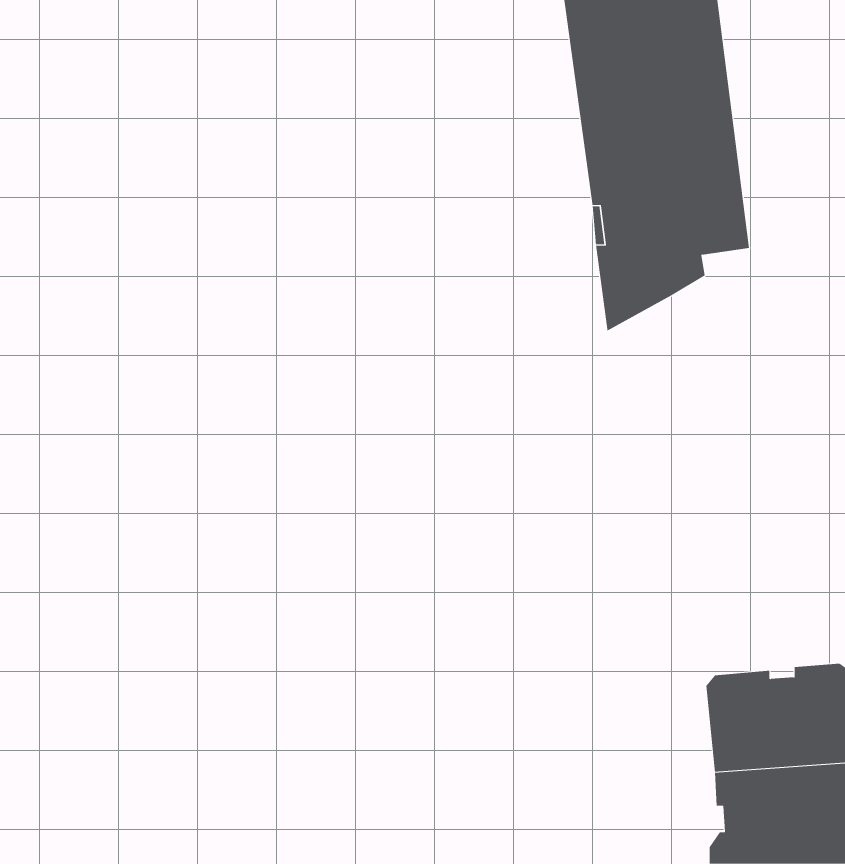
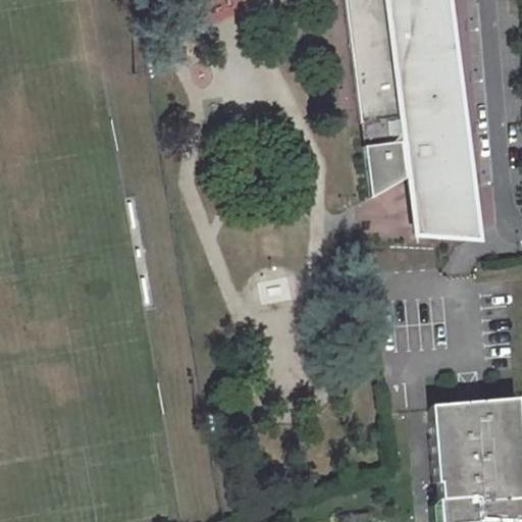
building: none -> [417,149,476,239]

